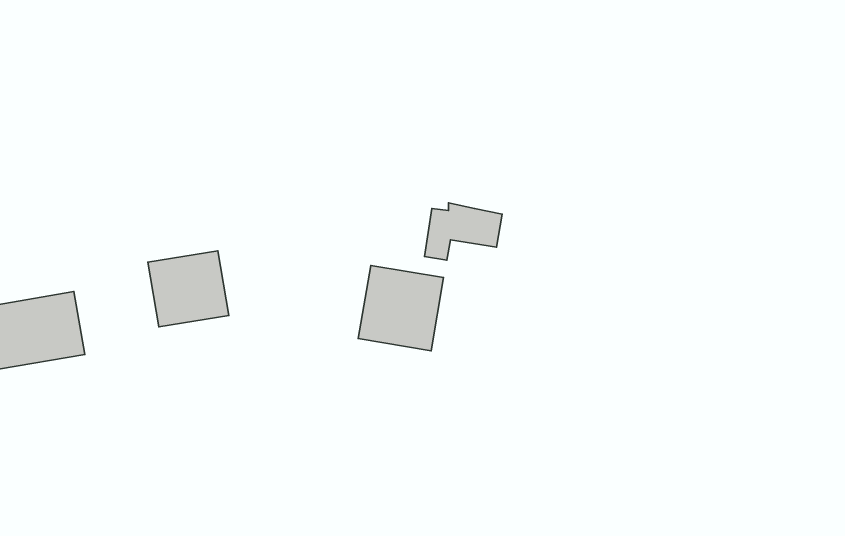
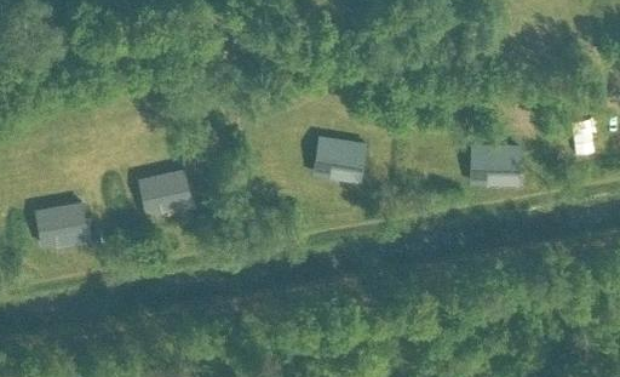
building: none -> [476,147,523,183]
building: [358,266,444,351] -> none

